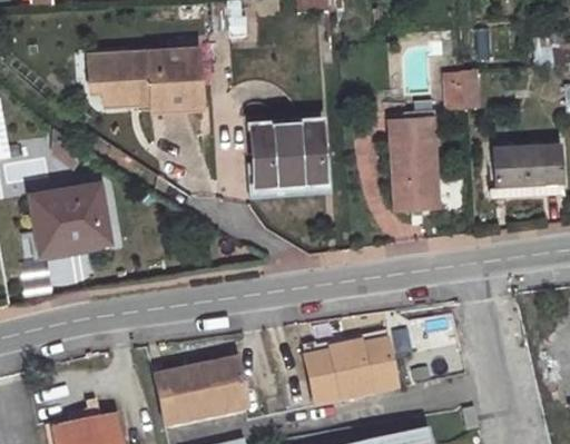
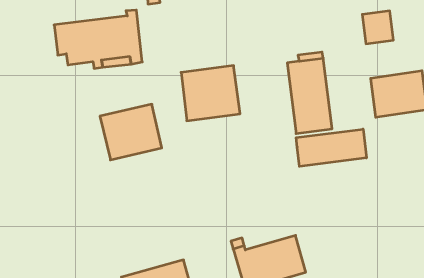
building: [442,67,480,107] -> [362,11,393,44]
building: [30,182,107,250] -> [100,104,162,160]
building: none -> [296,129,366,166]

